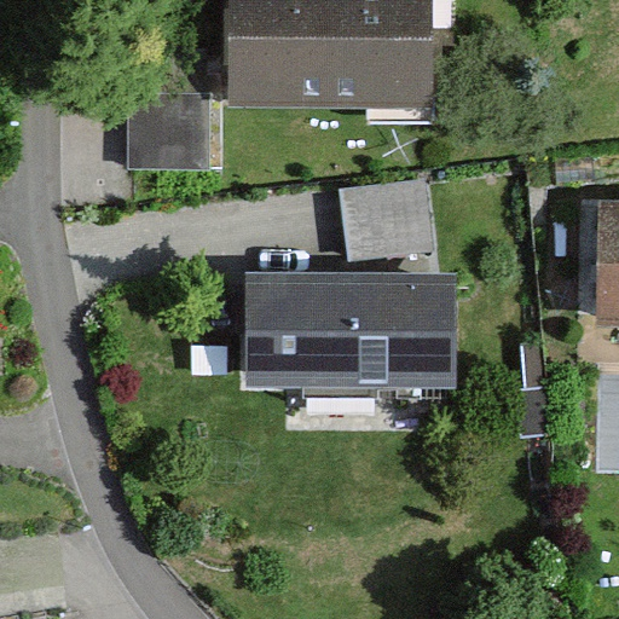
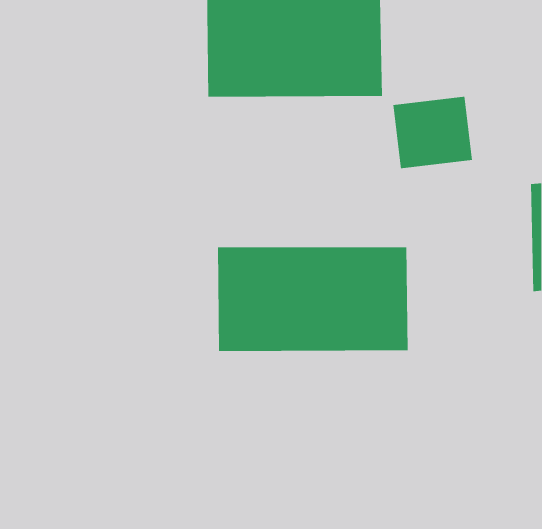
building: [125,93,209,168] -> none
building: [337,177,428,259] -> [393,96,473,169]

